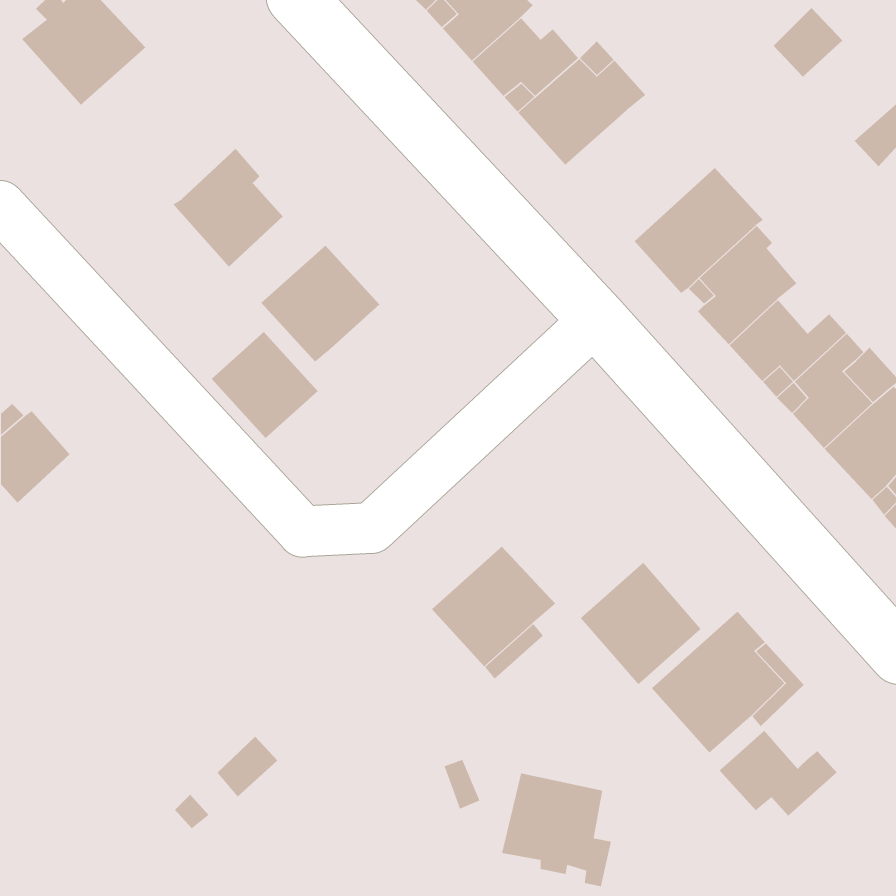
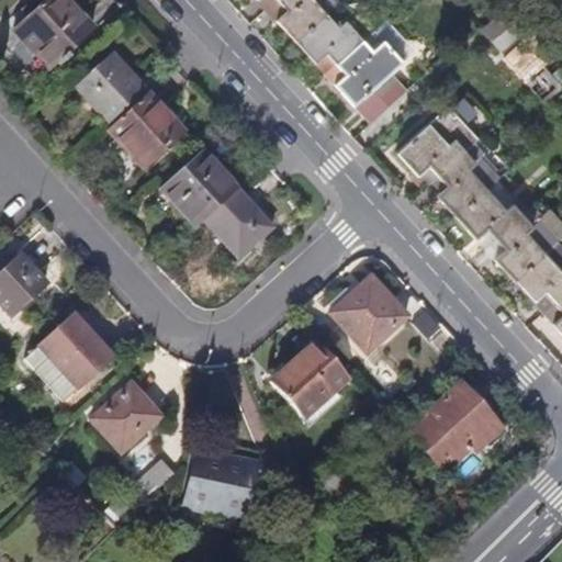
building: none -> [79,53,149,124]
building: none -> [355,69,409,123]
building: [211,331,318,439] -> [206,190,273,257]
building: none -> [25,314,113,400]
building: [580,562,701,685] -> [333,274,408,351]
building: none -> [92,384,160,451]
building: [719,730,838,816] -> none
building: [501,773,612,887] -> [188,453,257,525]

